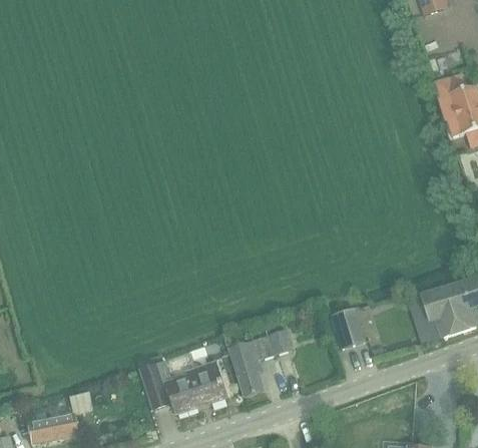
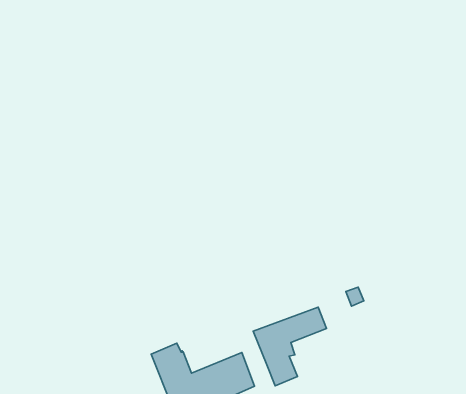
building: [333,310,365,347] -> none

